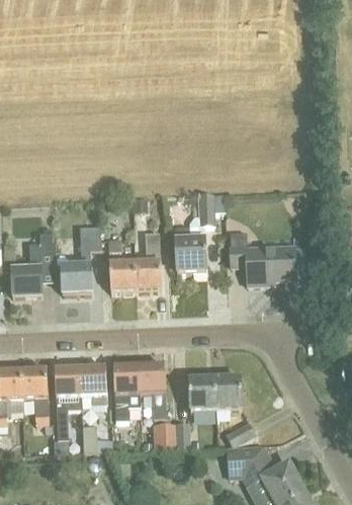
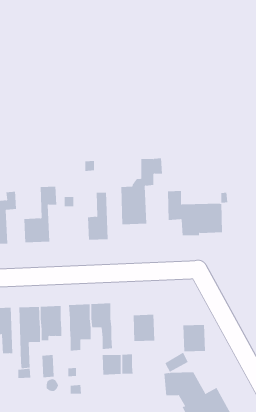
building: [109,262,137,290] -> none
building: [214,375,242,408] -> [183,324,206,352]

